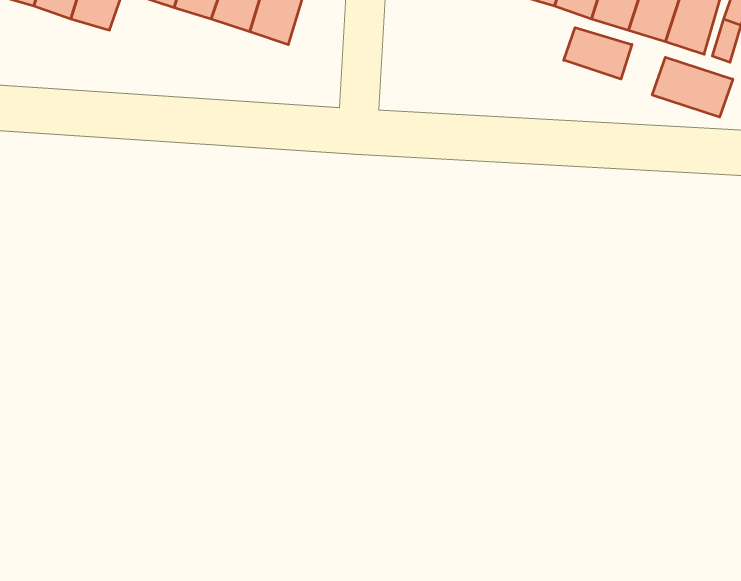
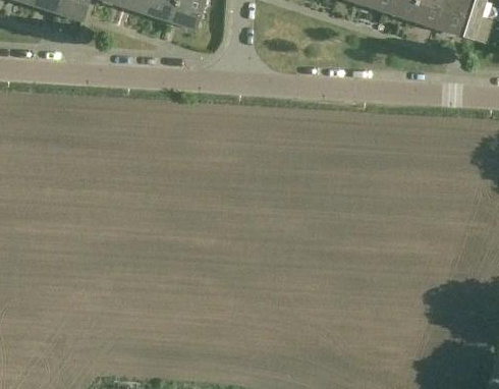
building: [564,28,632,79] -> none
building: [652,57,733,117] -> none

